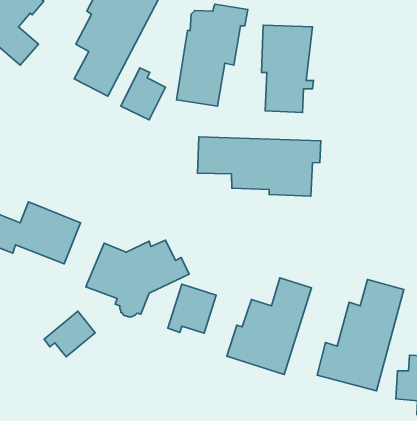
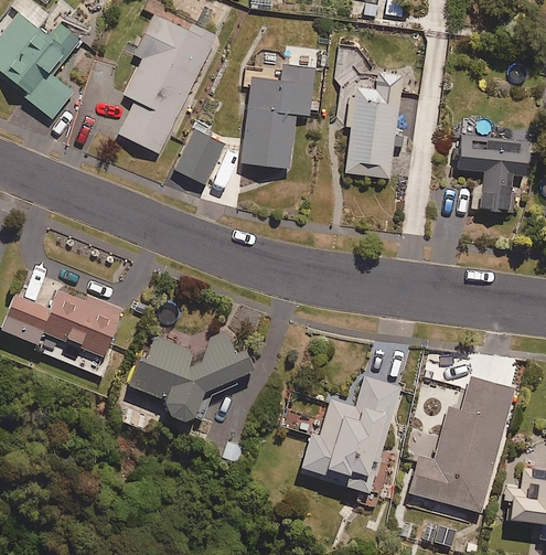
building: none -> [453,137,525,214]
building: [197,137,321,196] -> none
building: [168,284,216,333] -> none
building: [44,311,95,357] -> none

